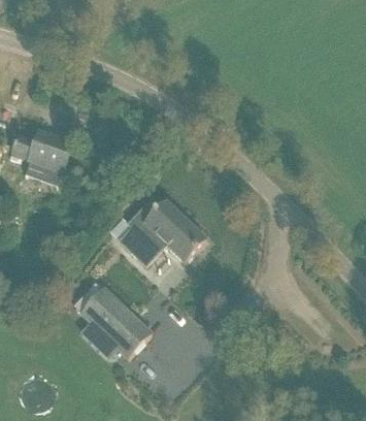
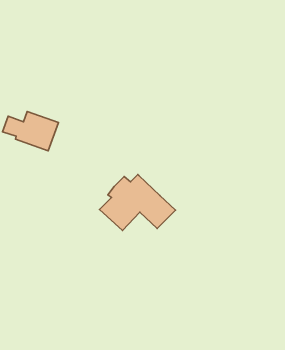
building: [73,285,149,356] -> none

